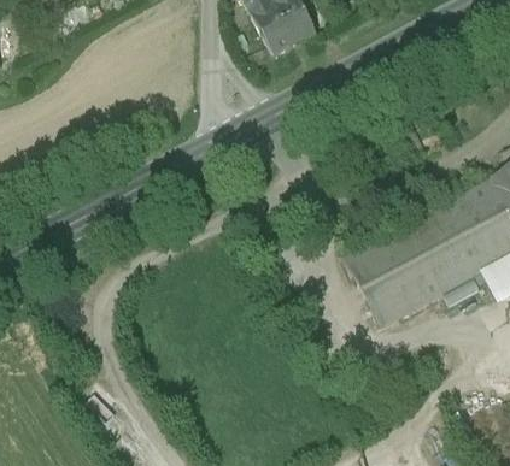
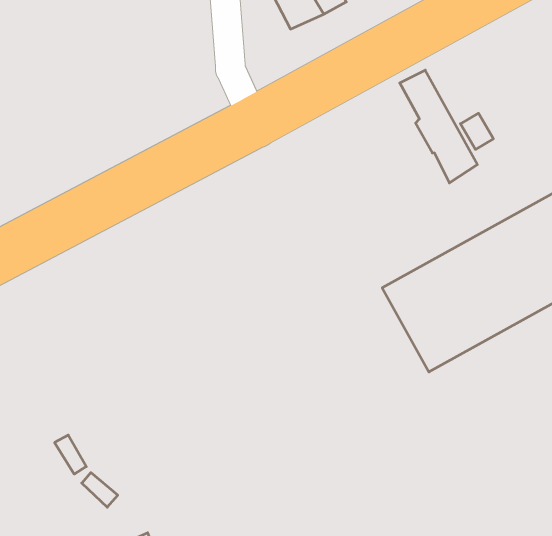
building: none -> [400,70,477,183]

